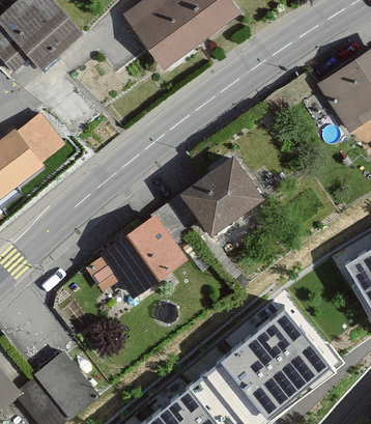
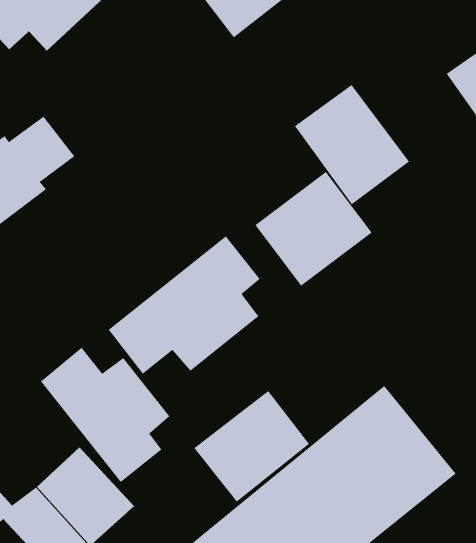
building: none -> [294,84,410,205]
building: none -> [40,347,170,483]
building: none -> [193,390,310,502]

